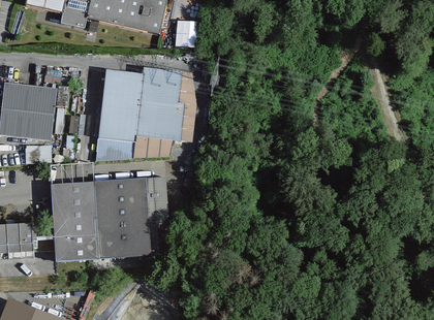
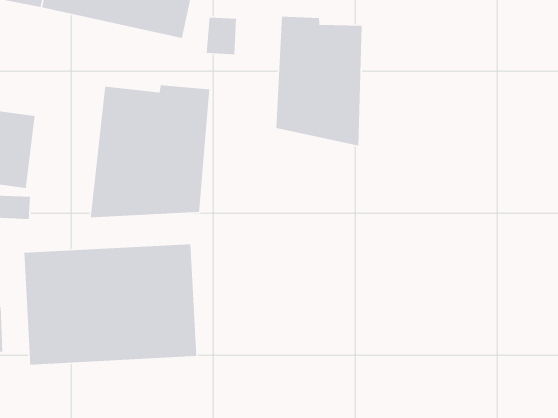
building: none -> [275,16,362,146]

